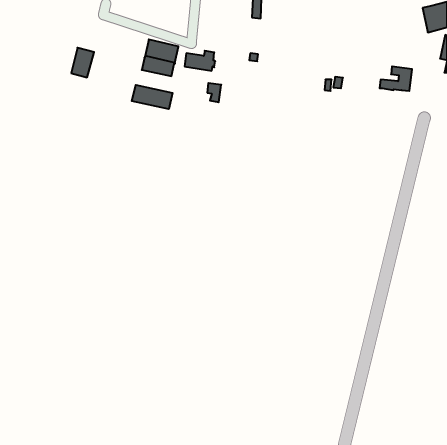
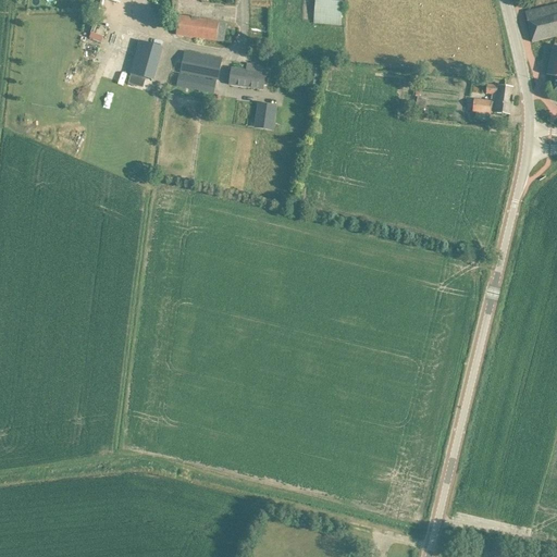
building: none -> [176,15,212,38]
building: [71,48,94,77] -> [132,40,160,77]
building: [132,85,173,109] -> none

